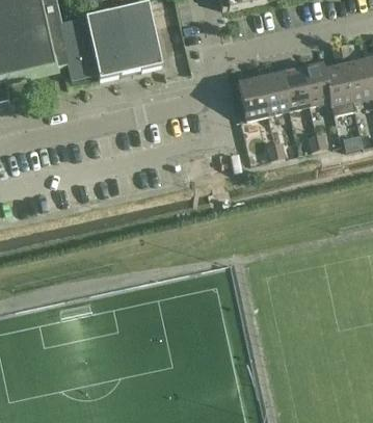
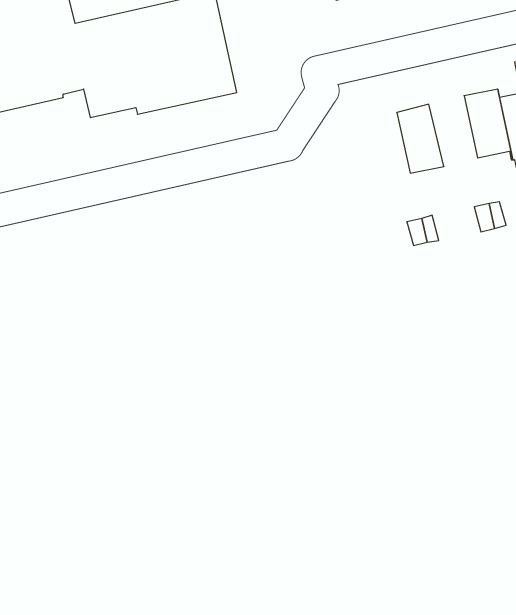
building: [281,65,311,109] -> none
building: [238,76,269,118] -> none

